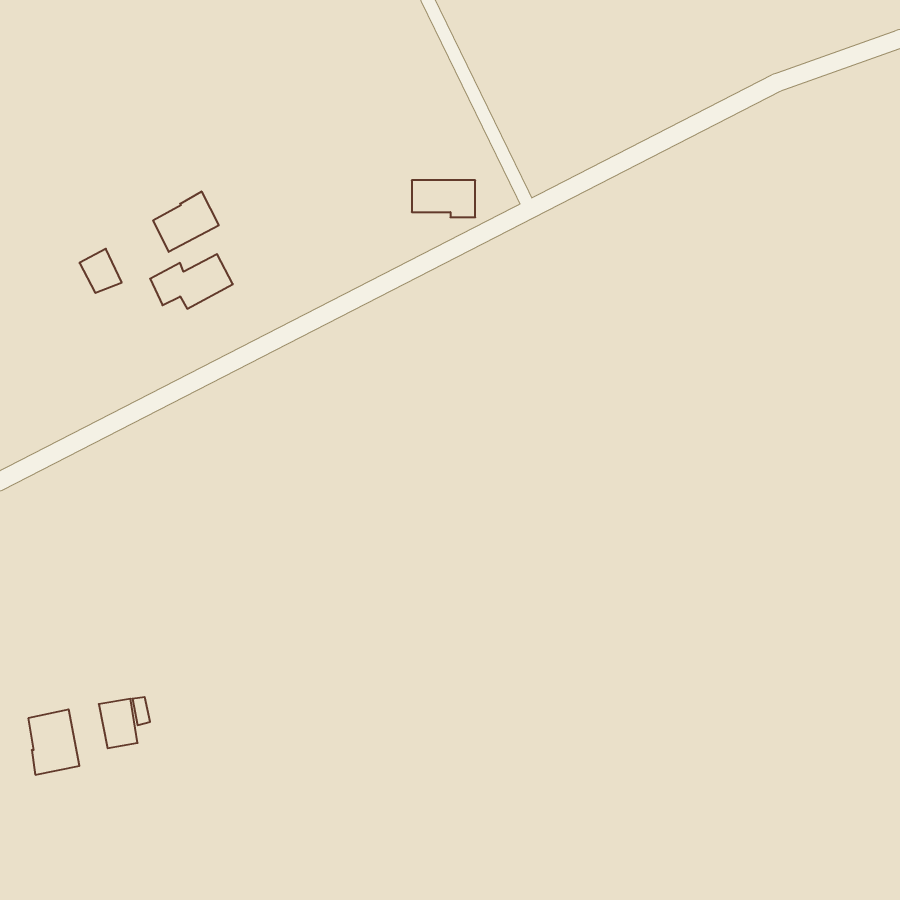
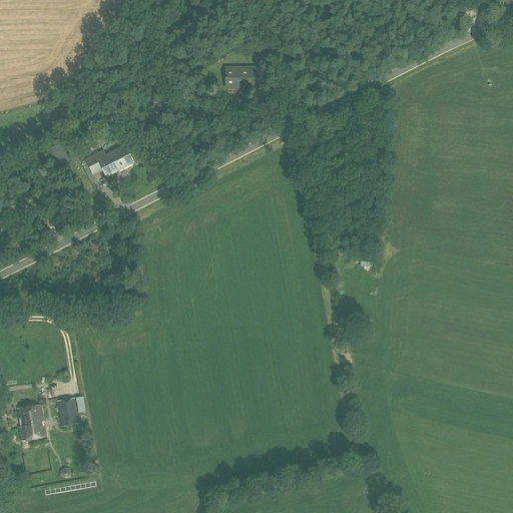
building: [412,180,475,217] -> [224,66,261,87]
building: [153,191,219,252] -> none

